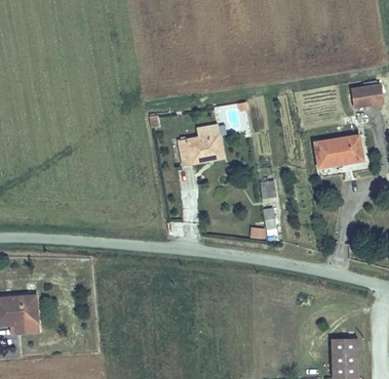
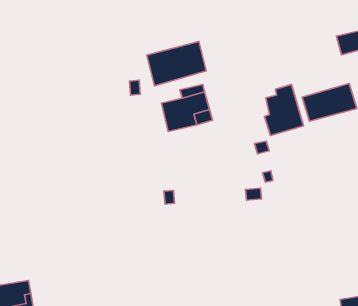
building: none -> [147,42,206,86]
building: none -> [264,85,304,135]

